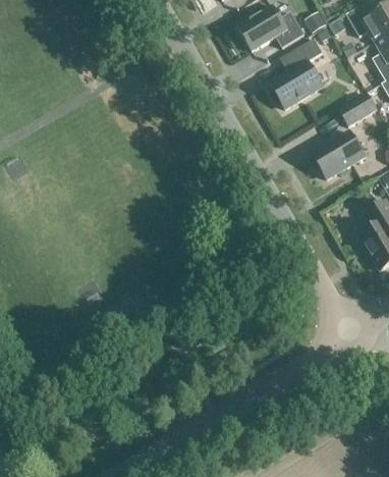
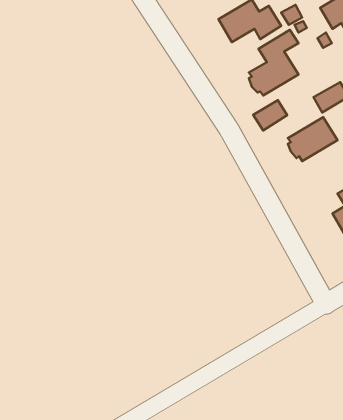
building: none -> [253,100,287,130]

